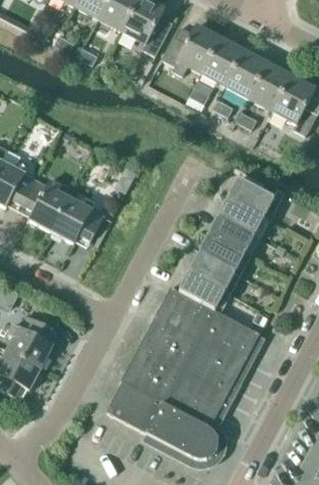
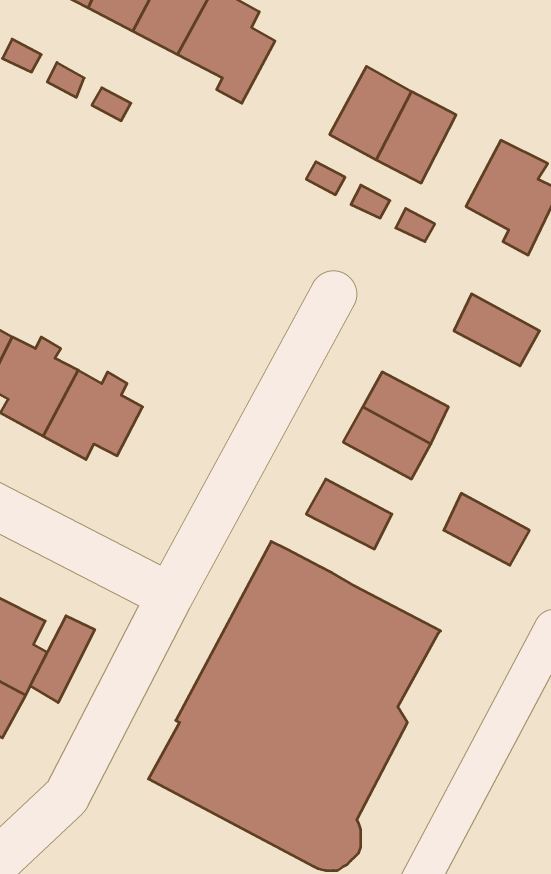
building: [163,25,221,76] -> none
building: [249,62,291,111] -> none
building: [229,178,274,216] -> [454,294,540,366]
building: [199,234,244,272] -> [444,493,529,565]
building: [179,272,225,310] -> none
building: none -> [30,616,95,703]

